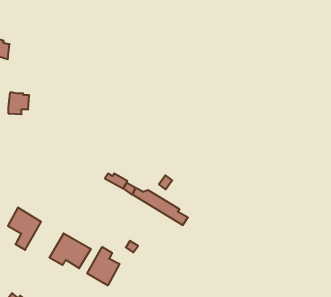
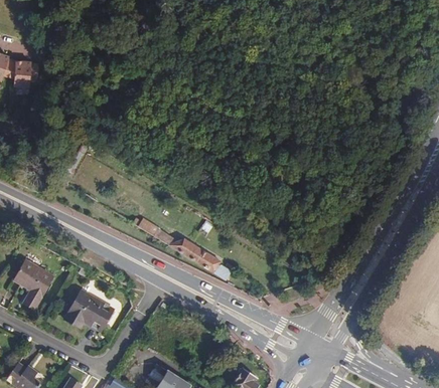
building: [8,93,29,114] -> [13,60,38,86]
building: [87,247,120,285] -> none

